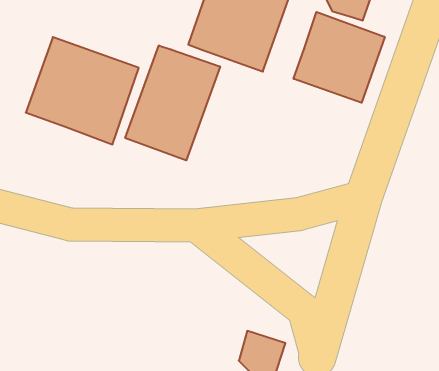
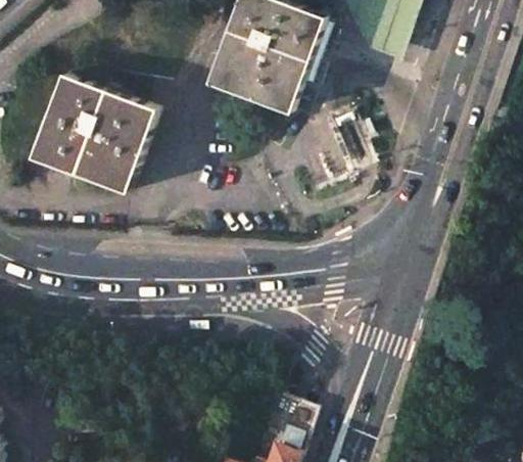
building: [294,12,385,103] -> none
building: [125,45,220,160] -> none

